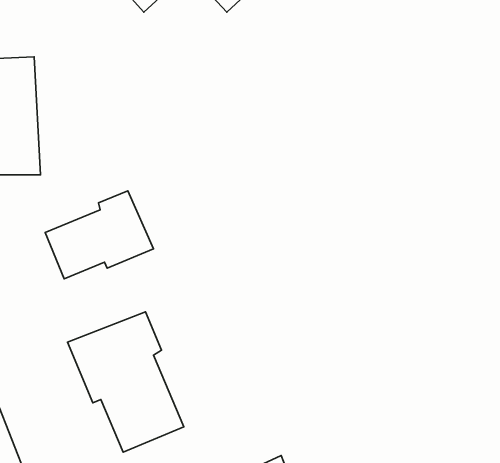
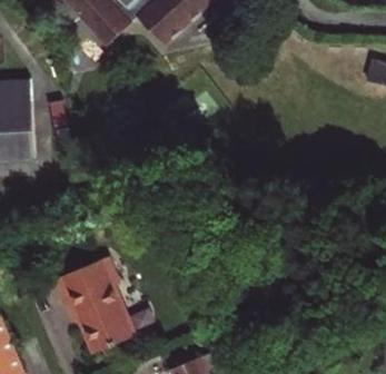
building: [45,191,154,279] -> none

